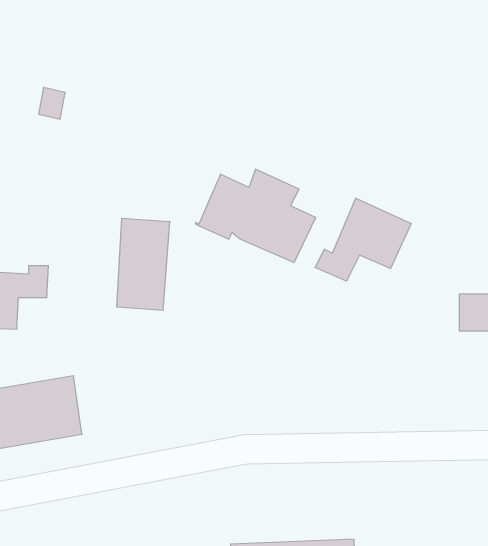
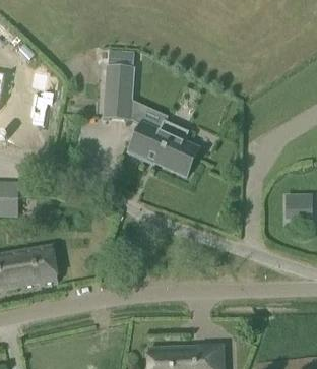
building: [315,198,411,281] -> none
building: [117,218,170,310] -> [103,63,135,119]

